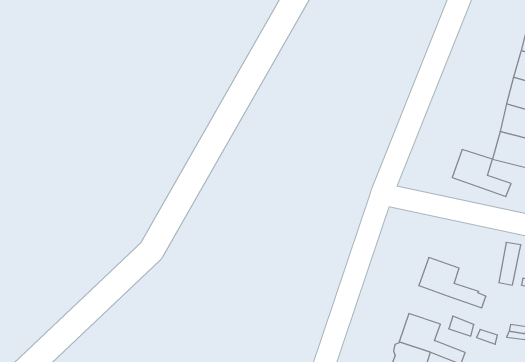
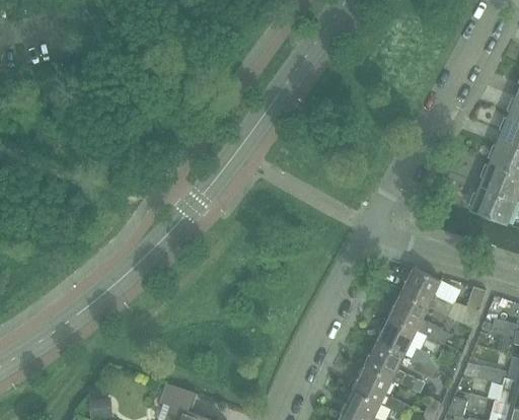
building: [452,150,511,197] -> [401,268,454,316]
building: none -> [377,317,416,354]

